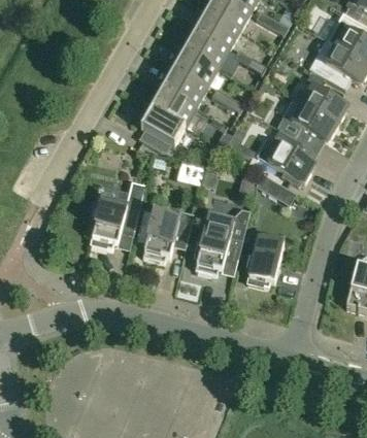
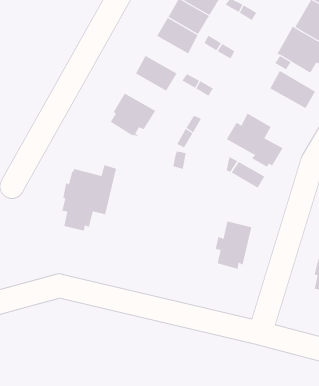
building: [174,49,219,88] -> none
building: [148,88,196,126] -> none
building: [278,98,338,142] -> none
building: [193,208,251,280] -> none
building: [136,209,194,262] -> none

